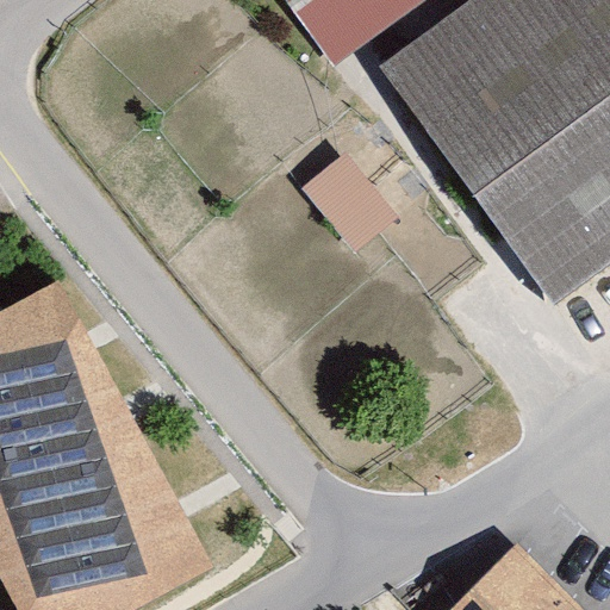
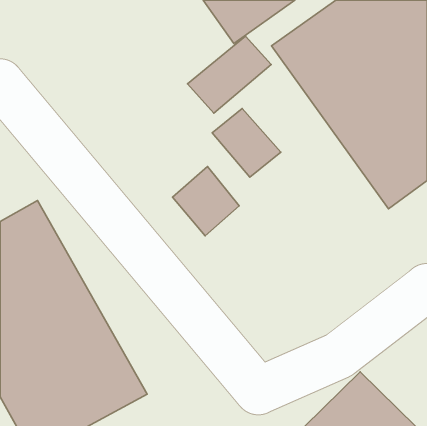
building: none -> [188,36,271,113]
building: none -> [172,166,239,236]

